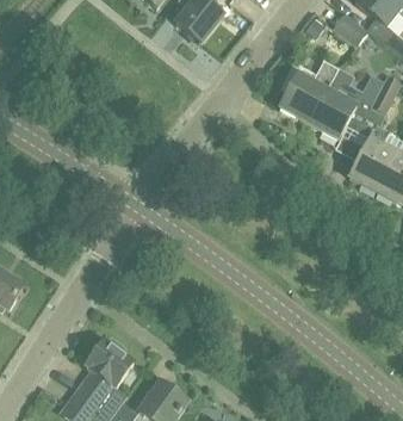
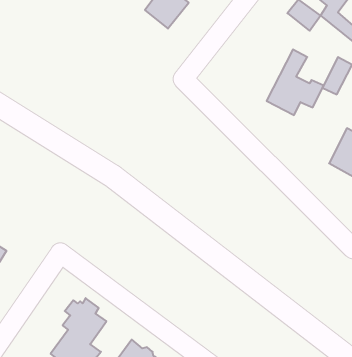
building: [278,58,336,122] -> none
building: [348,124,395,190] -> none

